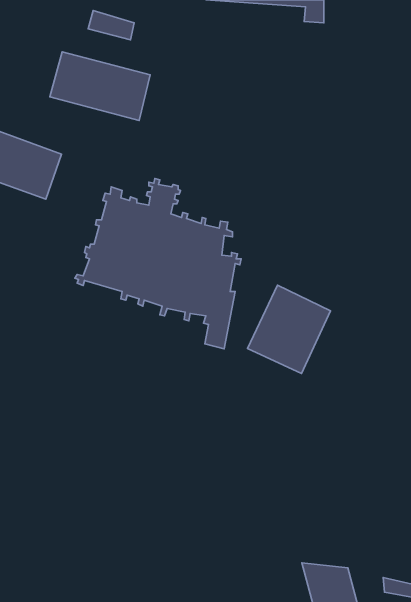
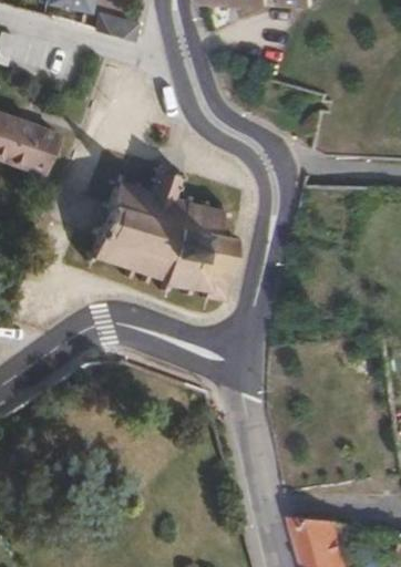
building: [50,52,150,121] -> none
building: [247,285,331,373] -> none

